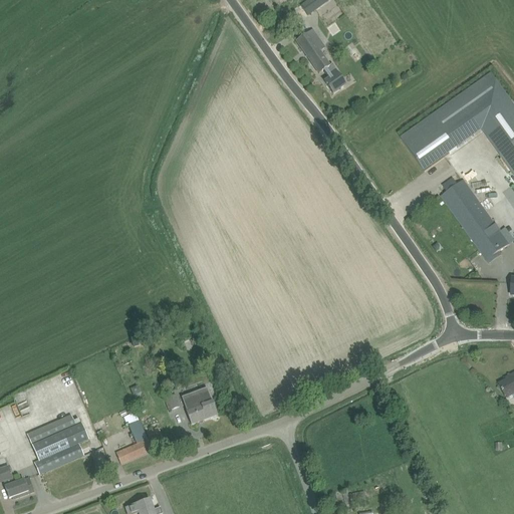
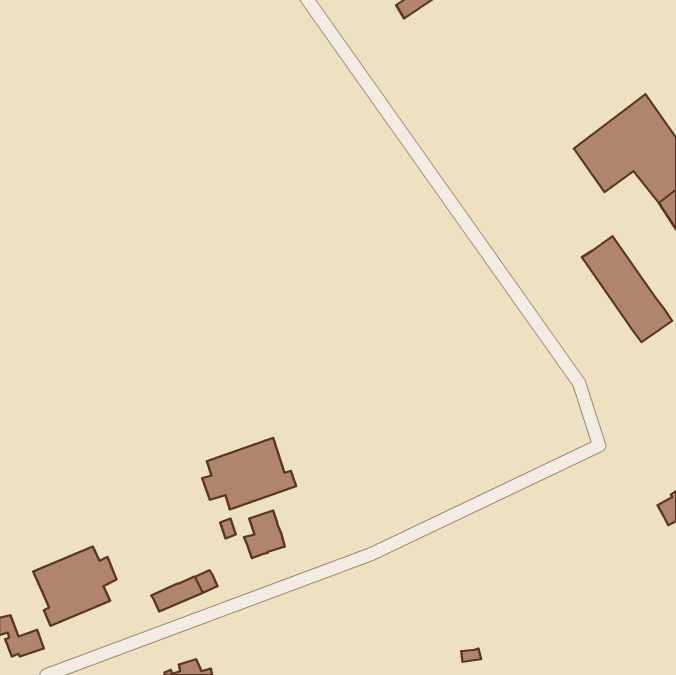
building: [295,28,344,92] -> none
building: [401,112,458,170] -> none
building: none -> [202,438,296,509]

